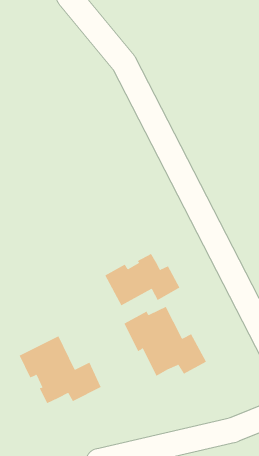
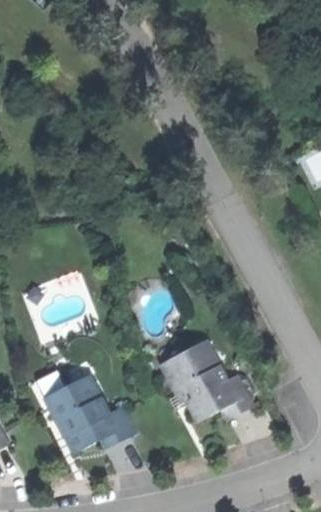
building: [105,253,180,306] -> none

